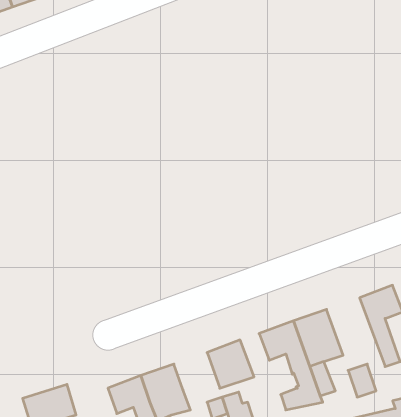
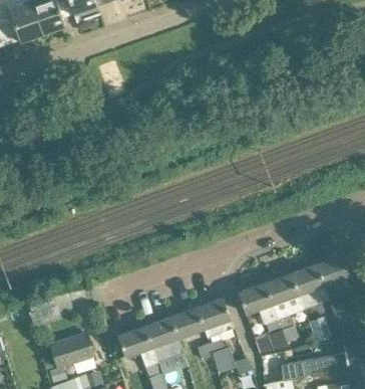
building: none -> [291,265,330,311]
building: none -> [170,309,207,338]

